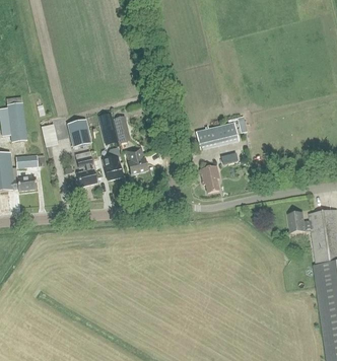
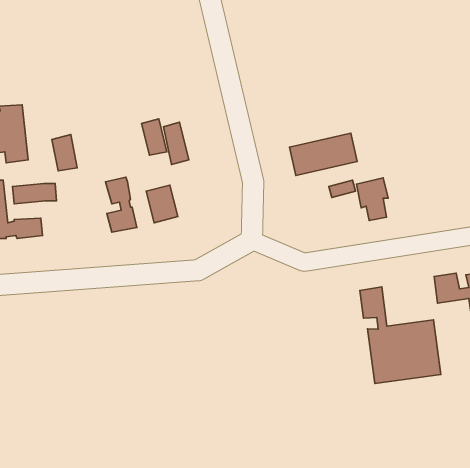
building: [66,118,89,146] -> none
building: [125,146,146,174] -> none
building: [198,164,218,192] -> [357,178,388,220]
building: none -> [360,287,441,384]

